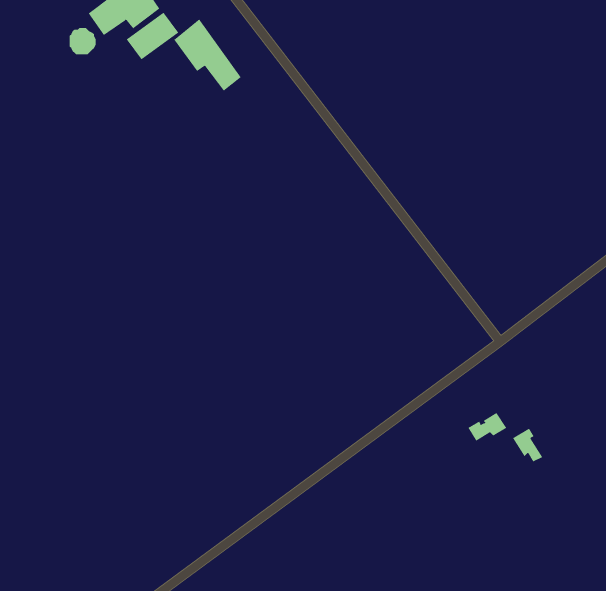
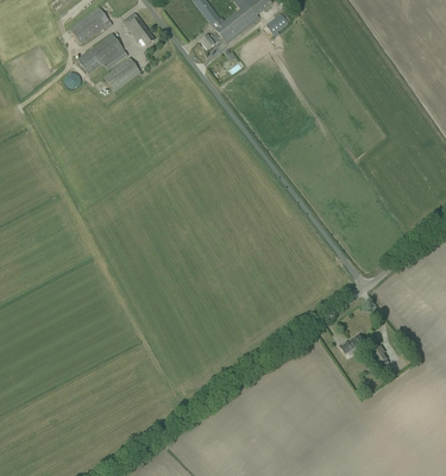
building: [174,18,242,92] -> none

